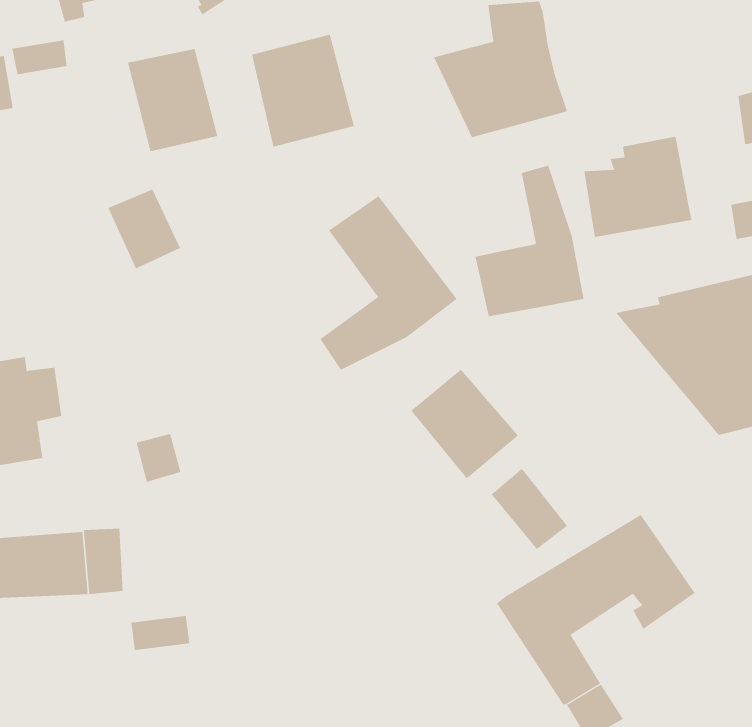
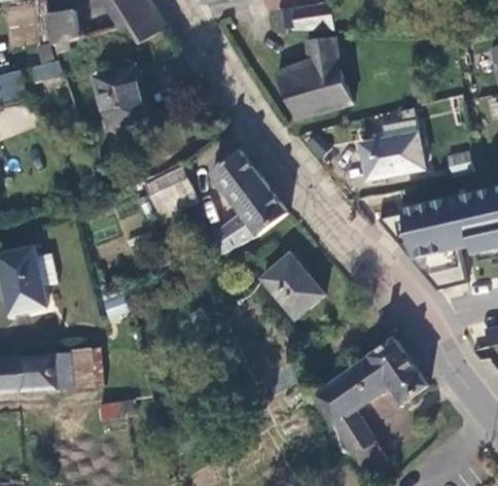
building: [252,34,355,147] -> none
building: [475,165,584,317] -> none
building: [107,189,181,269] -> [154,168,198,215]
building: [491,468,568,550] -> none

